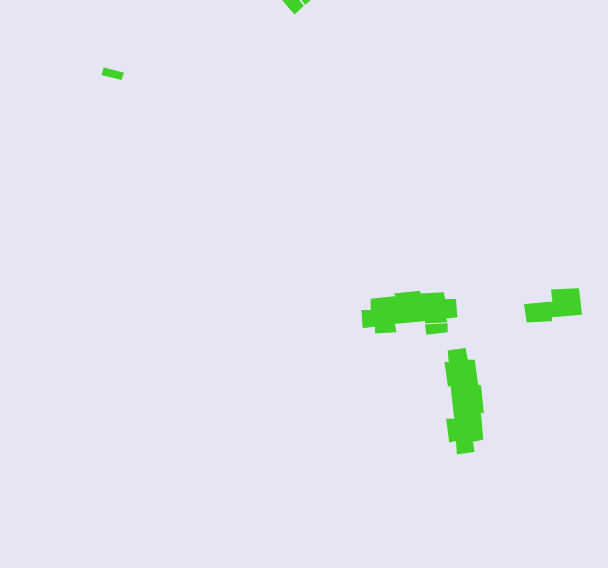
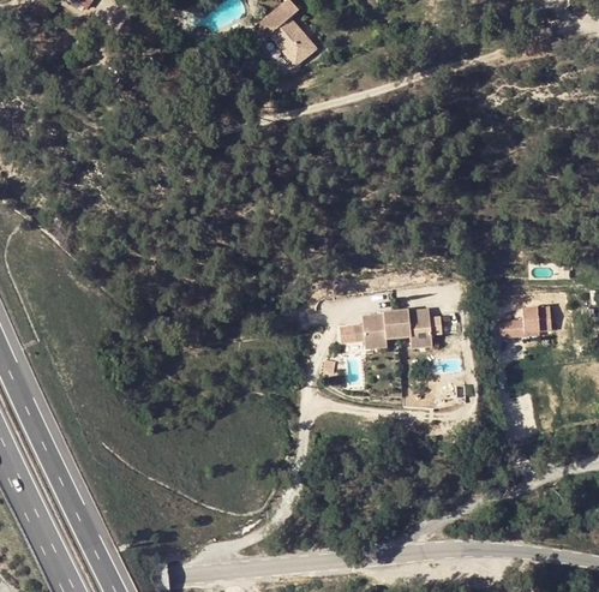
building: [444,347,484,455] -> none

